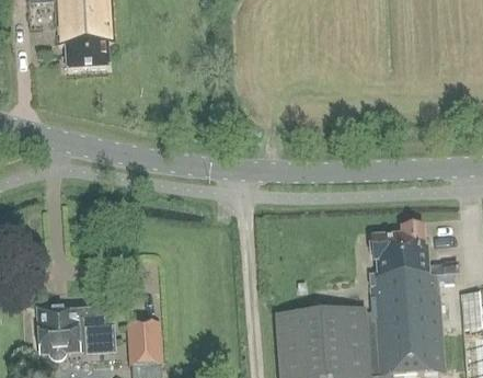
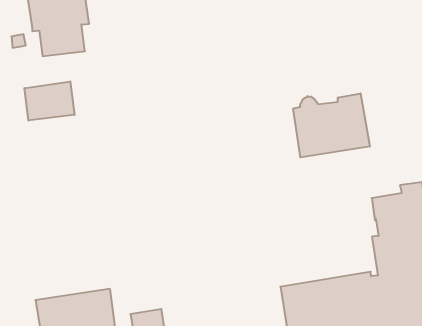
building: none -> [24,81,75,121]
building: none -> [293,93,370,157]

